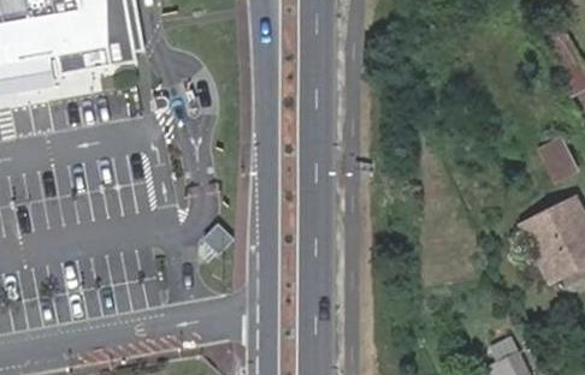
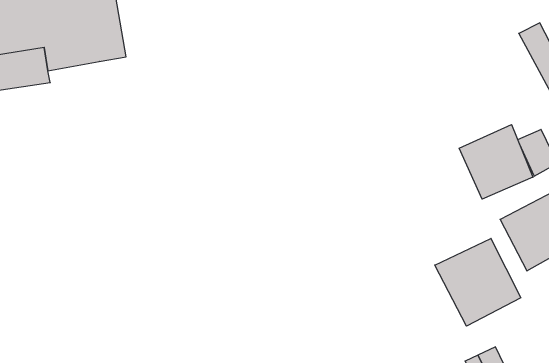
building: none -> [459,125,533,199]
building: none -> [435,238,521,326]

